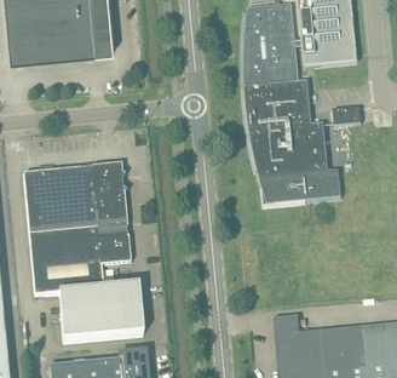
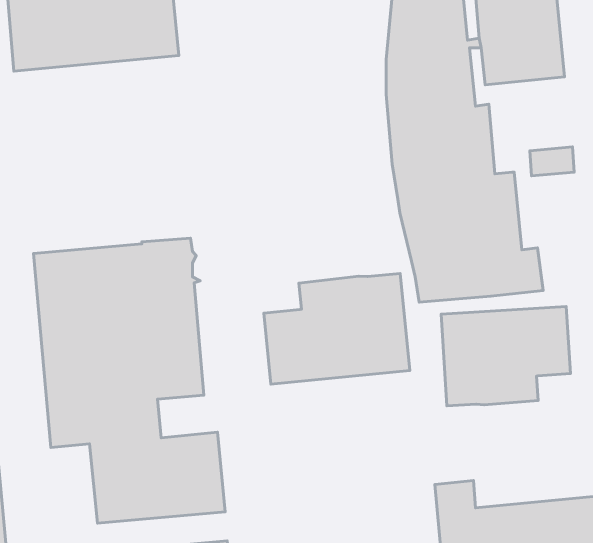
building: none -> [264,274,410,384]
building: none -> [441,306,570,406]

